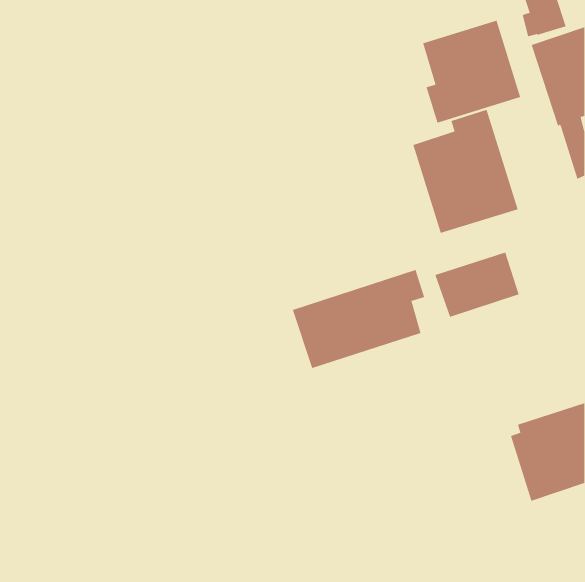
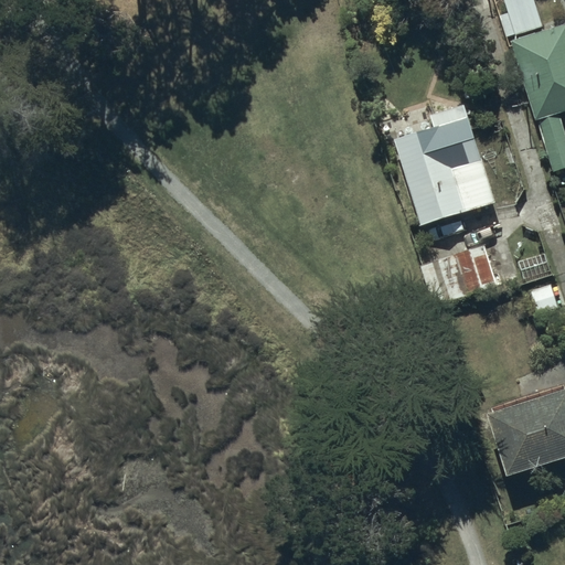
building: [423,20,521,123] -> none
building: [292,269,425,369] -> none

